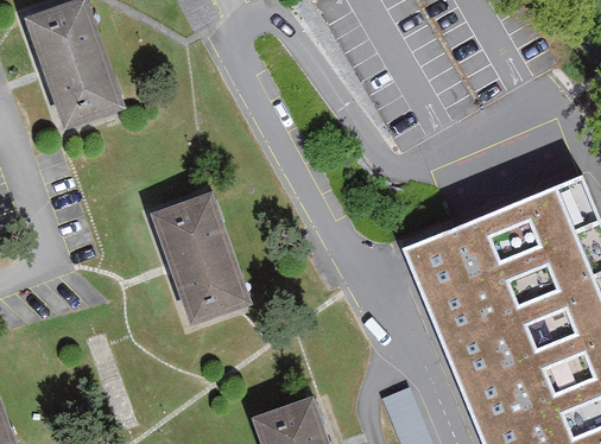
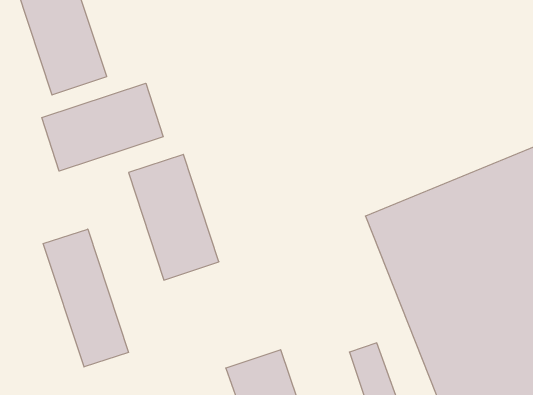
building: none -> [42,83,163,171]
building: none -> [43,229,129,367]

